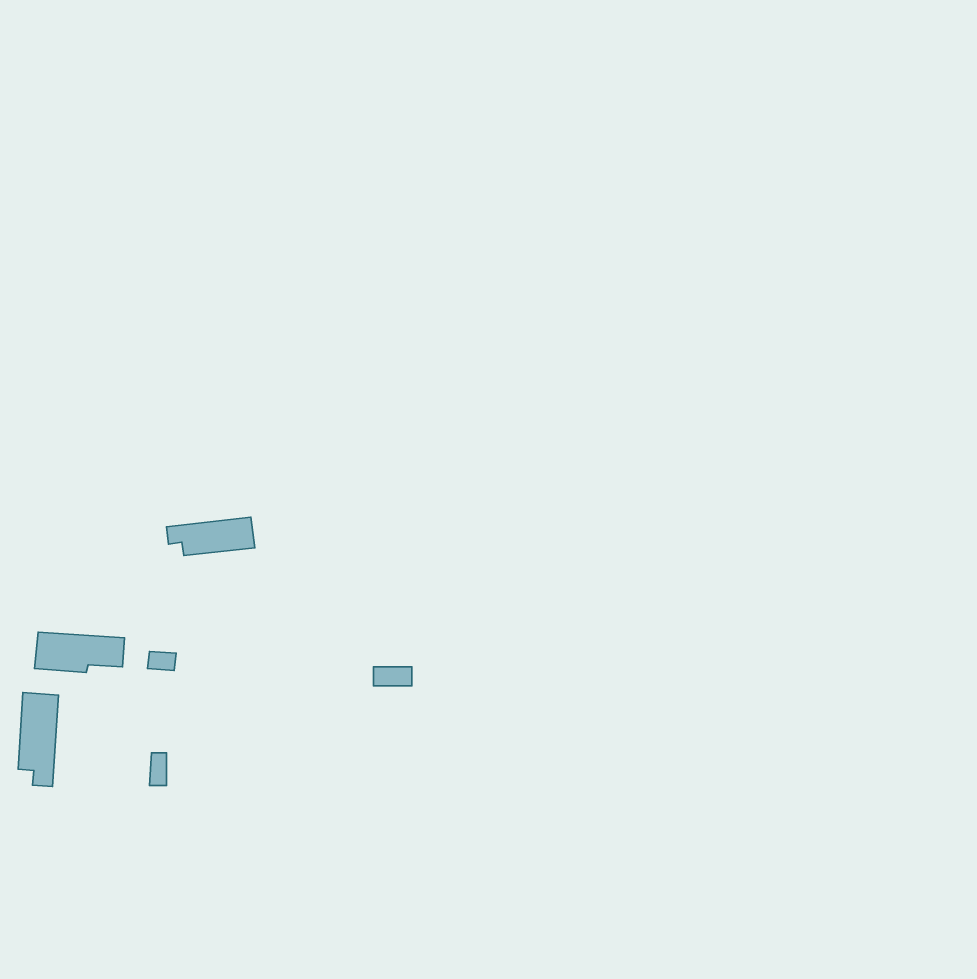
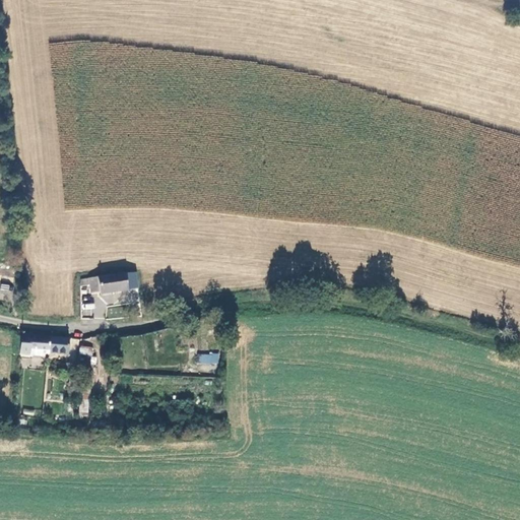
building: [18,693,59,786] -> none

